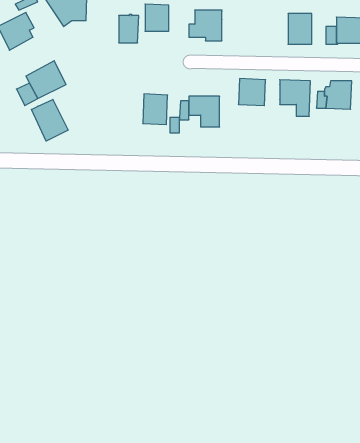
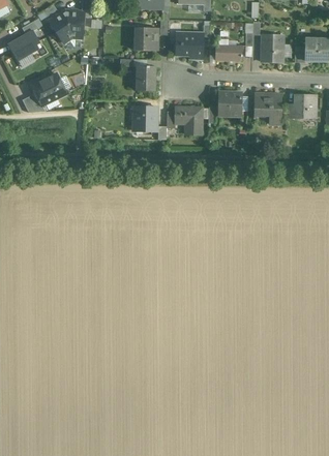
building: [119,14,139,43] -> [138,64,155,89]
building: none -> [216,38,242,60]
building: [31,99,68,141] -> none

